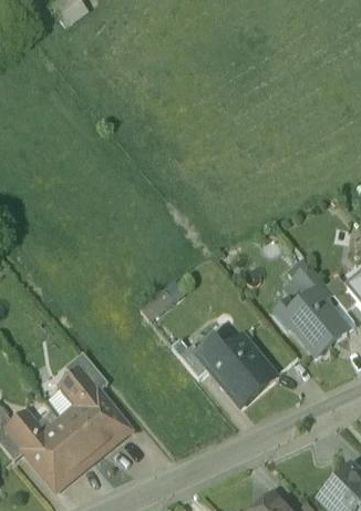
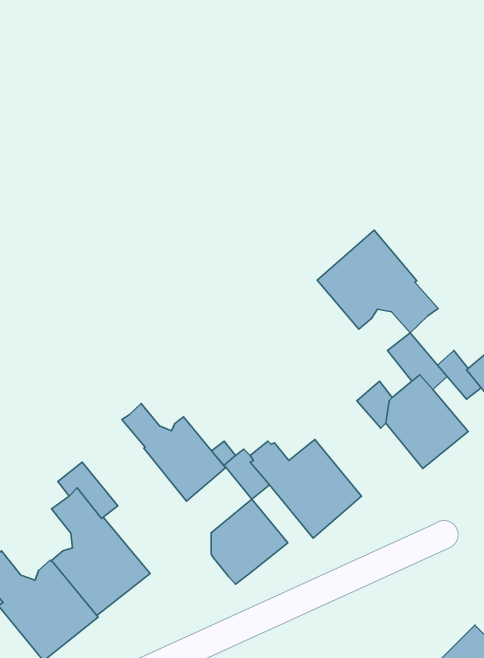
building: none -> [317,230,438,333]
building: none -> [122,404,225,501]
building: none -> [211,499,288,584]

